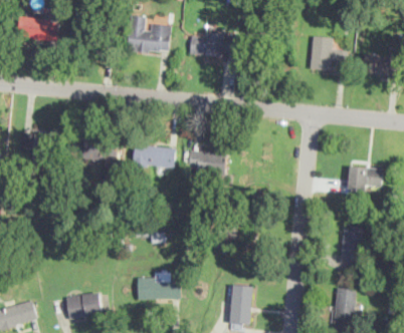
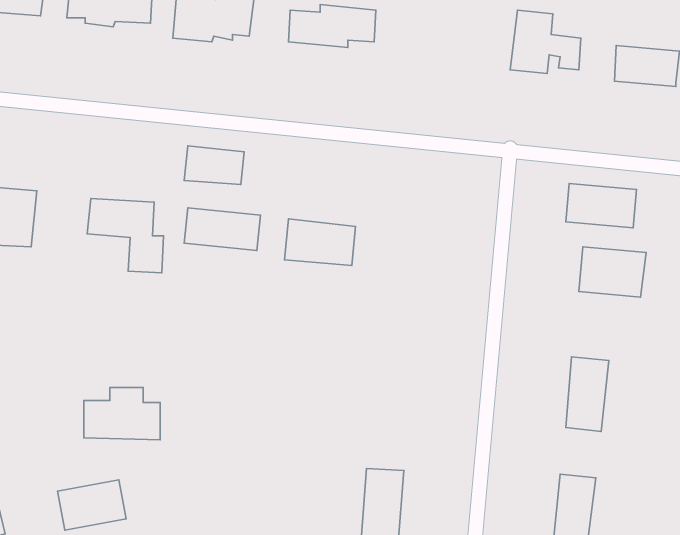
building: none -> [184,146,244,185]
building: none -> [566,184,637,228]
building: [138,271,179,299] -> [84,387,160,440]

